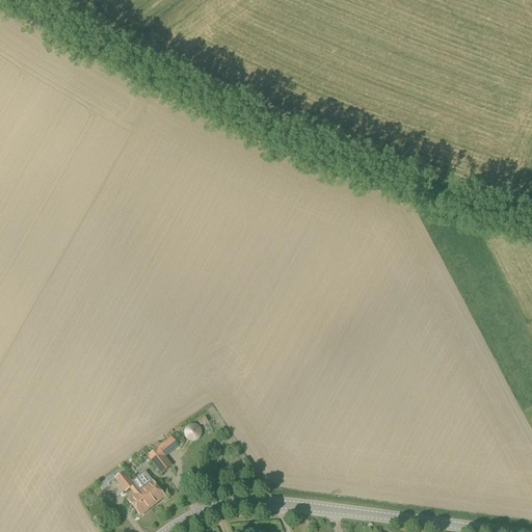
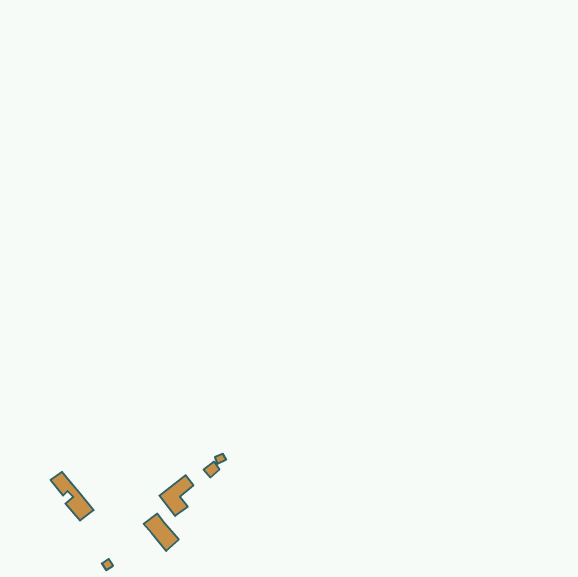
building: [113,471,153,515] -> [51,472,94,521]

